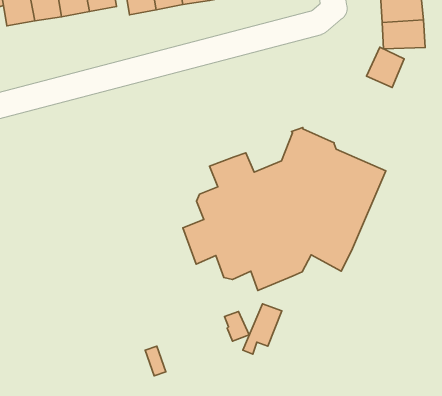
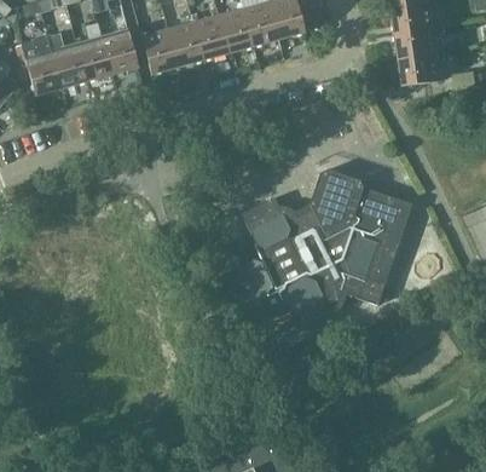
building: [367,47,404,87] -> none
building: [243,304,282,354] -> none

